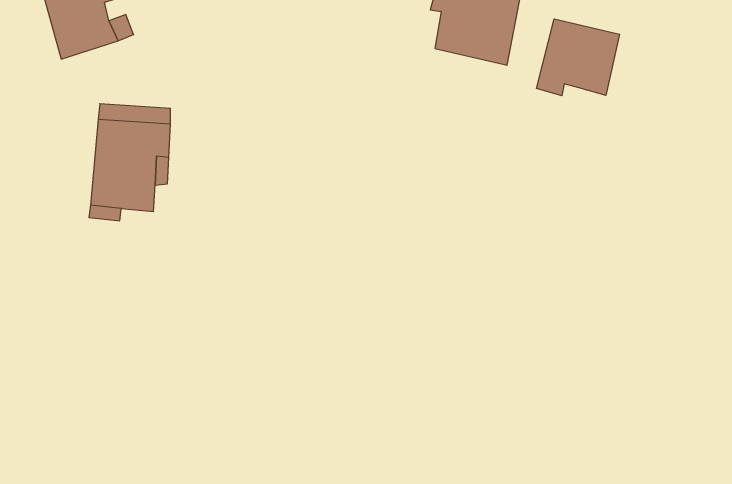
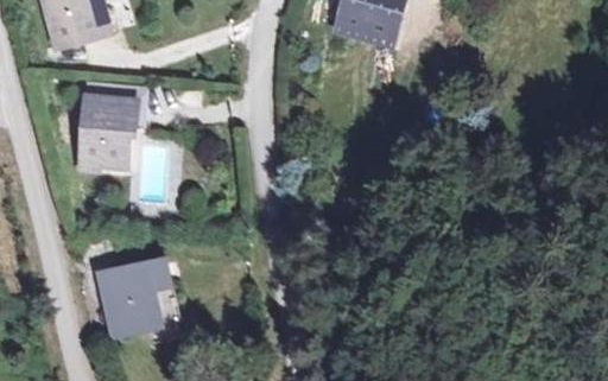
building: [537,19,620,96] -> none
building: none -> [90,259,169,334]

